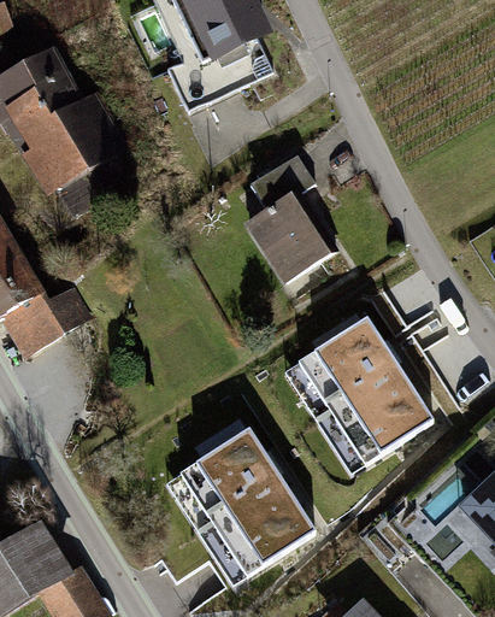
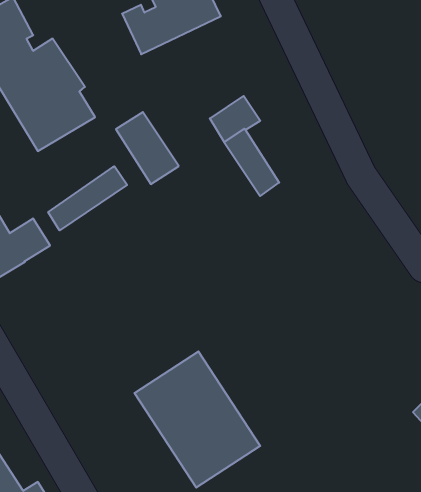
building: [244,204,312,281] -> [116,112,179,184]
building: none -> [48,166,127,230]
building: [296,317,430,463] -> none

